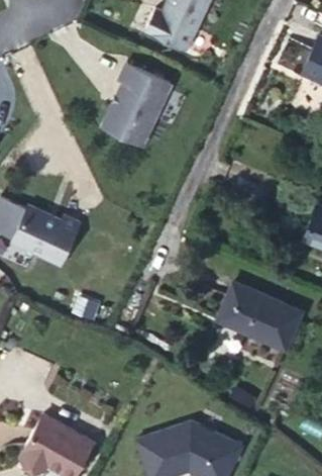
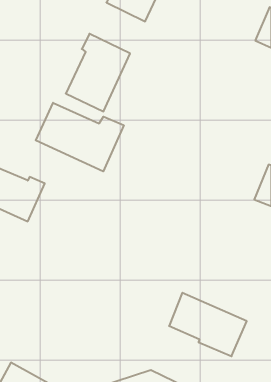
building: none -> [36,103,124,171]
building: [219,283,302,351] -> [169,293,247,356]

